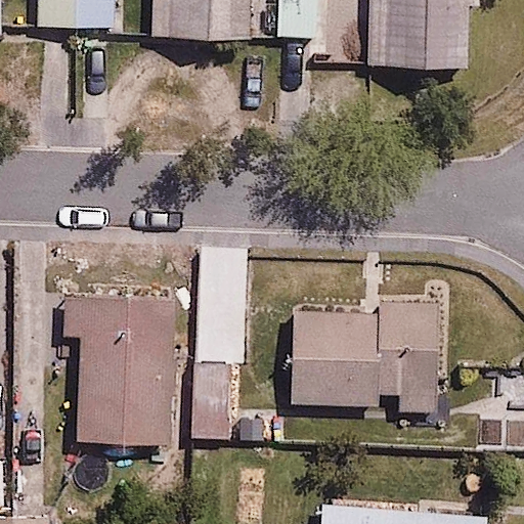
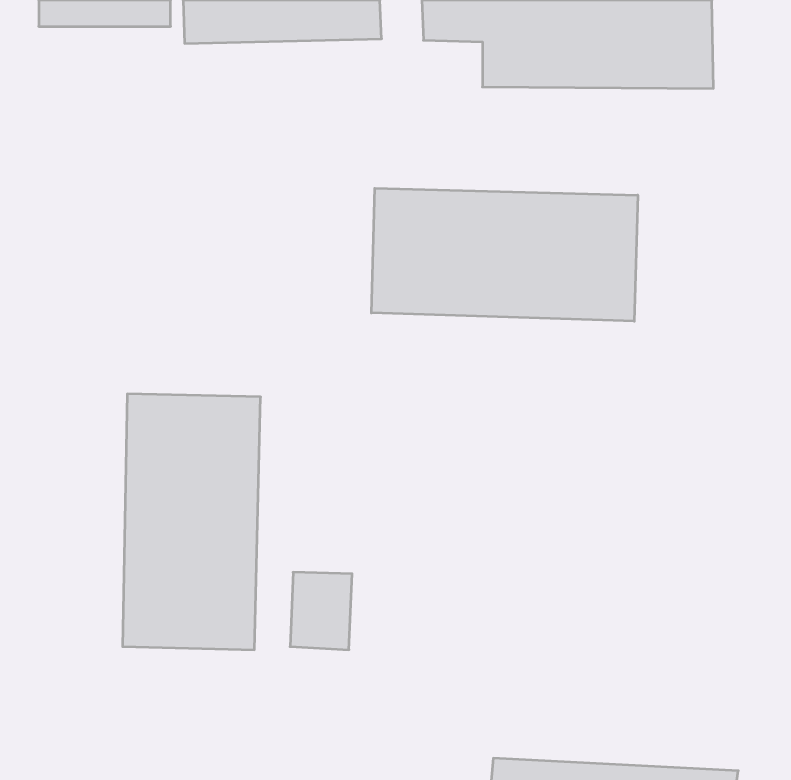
building: none -> [371,188,638,321]
building: [286,303,439,410] -> none

